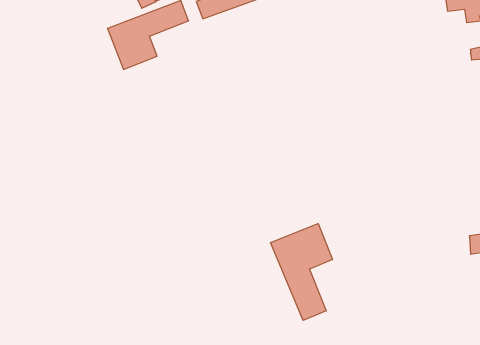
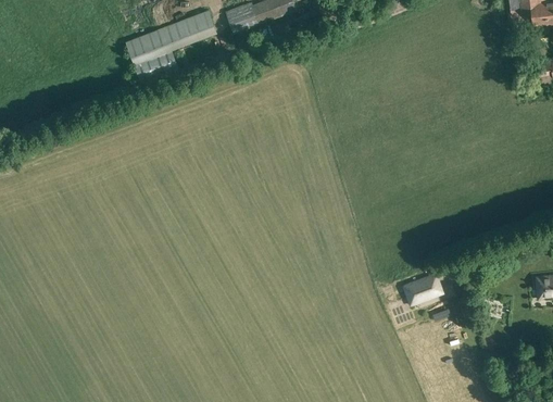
building: [270,224,332,320] -> none
building: none -> [404,273,444,304]

